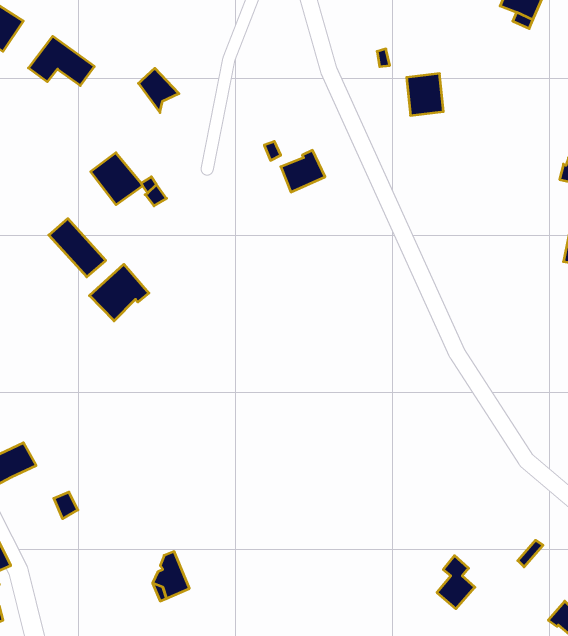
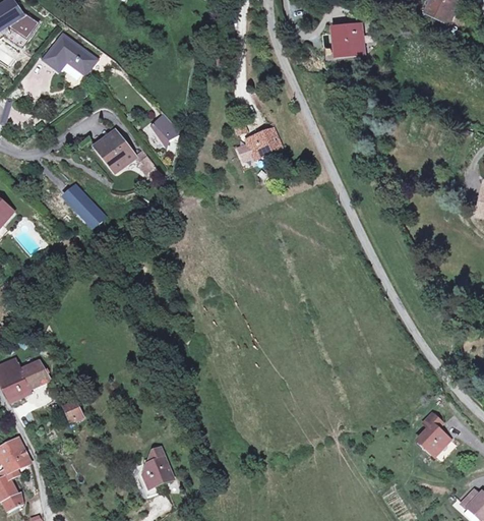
building: [138,68,179,113] -> [148,112,181,148]
building: [407,74,443,115] -> [335,22,364,56]
building: [89,264,149,321] -> none
building: [437,556,475,609] -> [418,412,448,455]

